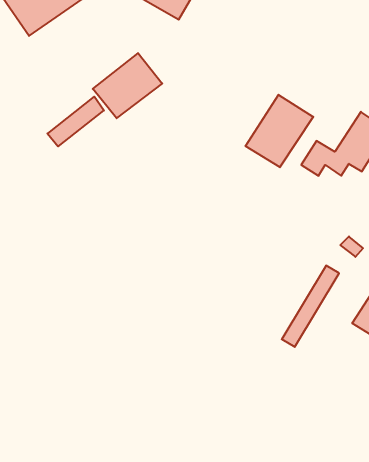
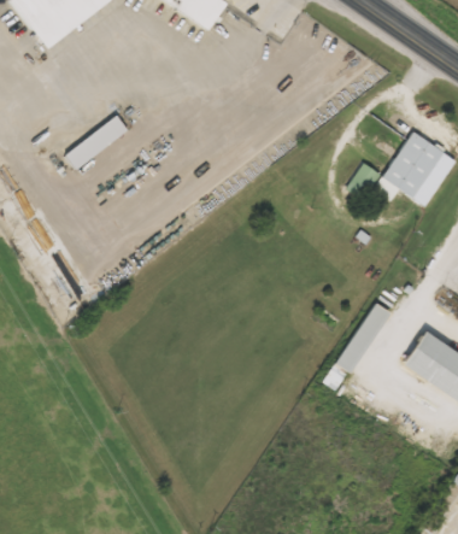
building: [93,53,162,118] -> none
building: [246,95,313,167] -> none

